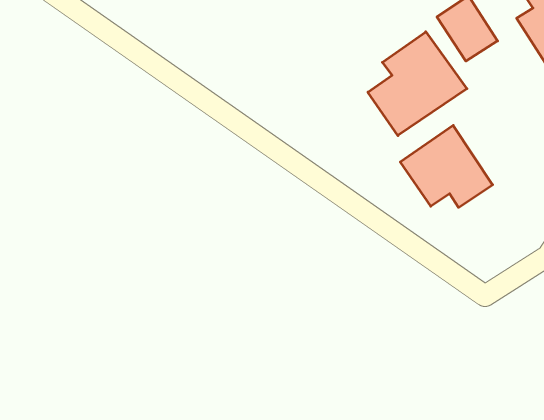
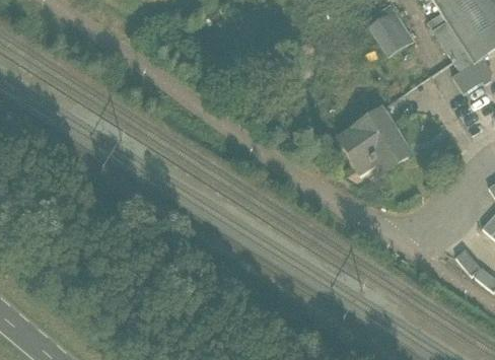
building: [368,32,467,136] -> none

